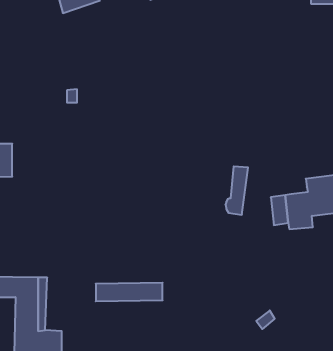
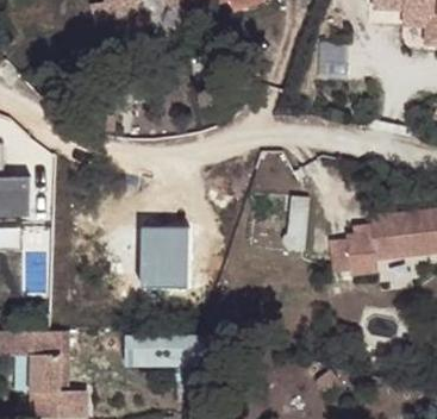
building: none -> [138,233,186,292]

